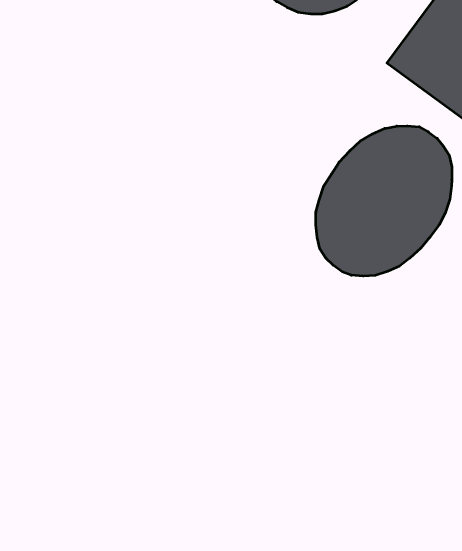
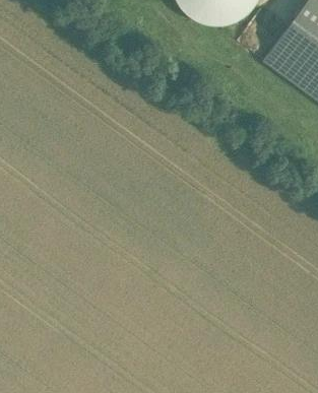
building: [316,126,452,276] -> none

